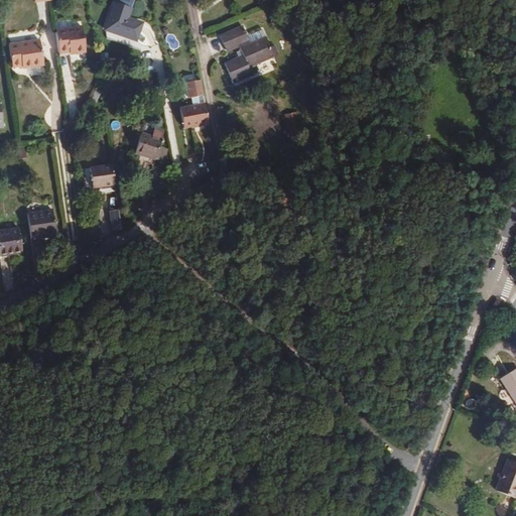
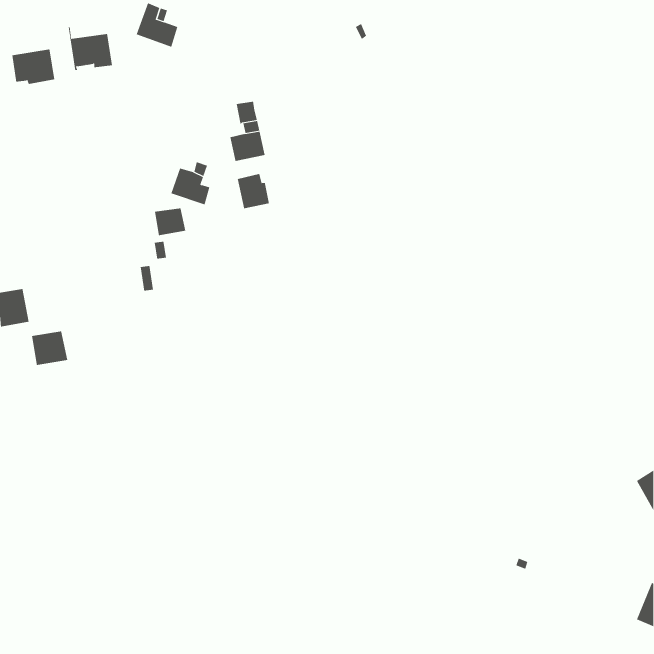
building: [220,25,274,82] -> none
building: none -> [237,173,269,209]
building: [89,164,114,186] -> [154,208,186,236]
building: [25,208,54,235] -> [31,331,68,365]

